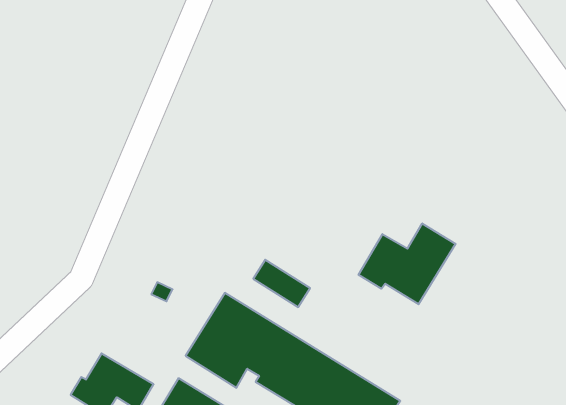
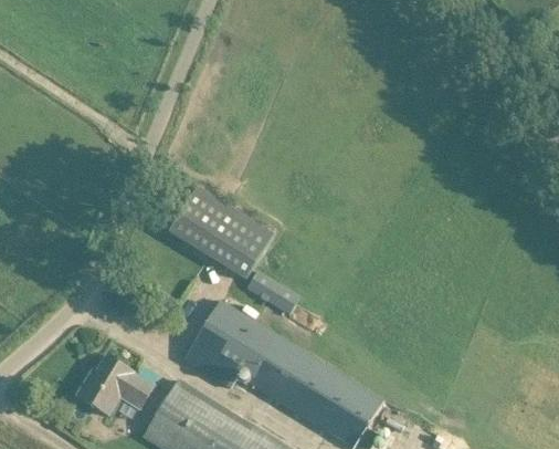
building: none -> [169,186,274,279]
building: [359,223,456,304] -> none

